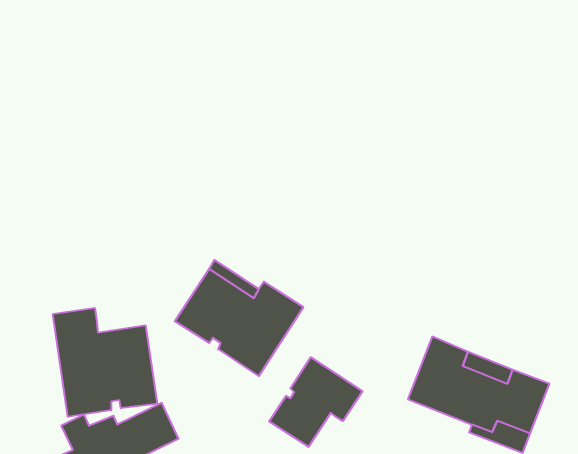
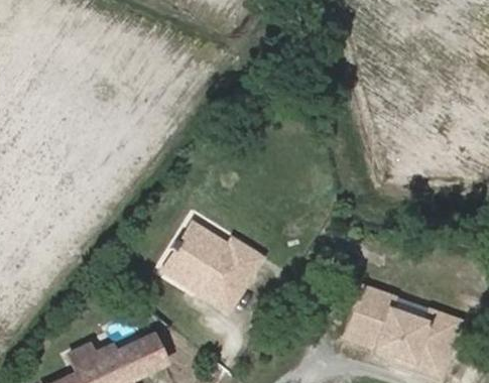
building: [53,308,157,417] -> none
building: [269,357,362,447] -> none

